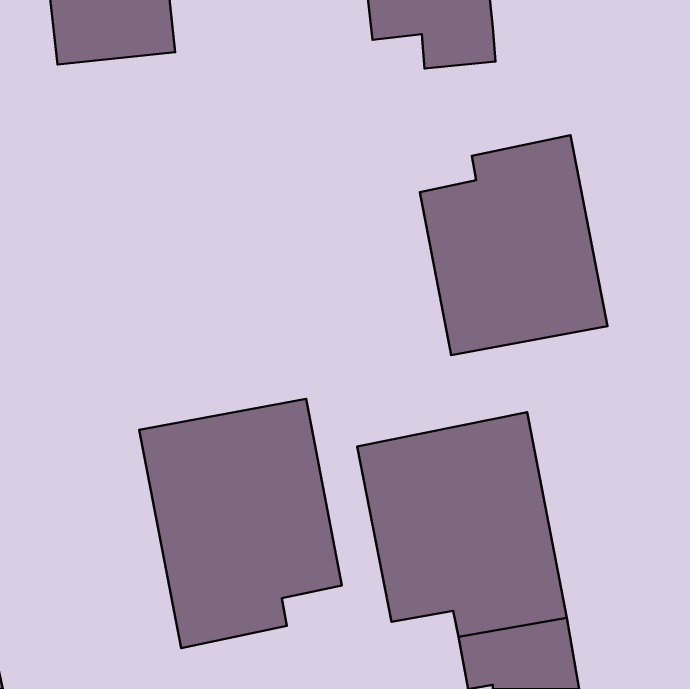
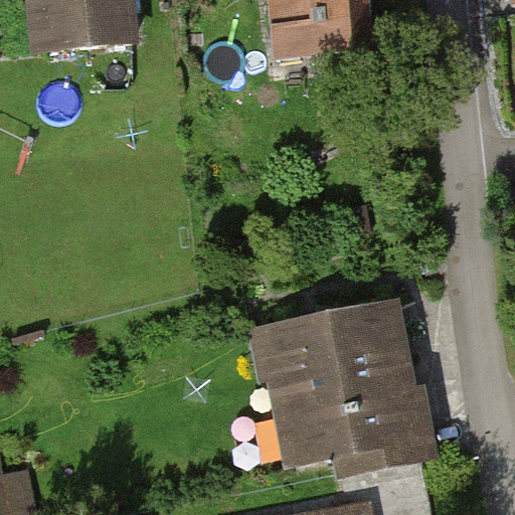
building: [420,135,607,355] -> none
building: [139,399,342,648] -> none

